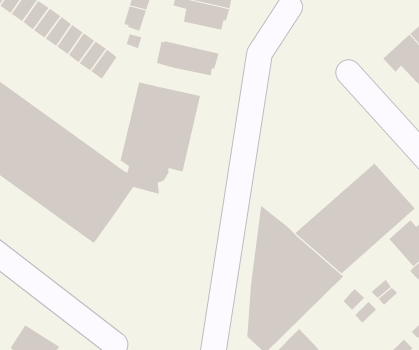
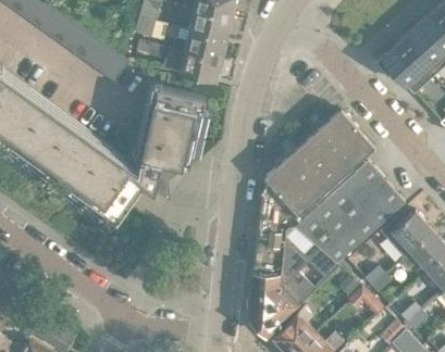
building: none -> [173,27,226,59]
building: none -> [262,109,375,225]

